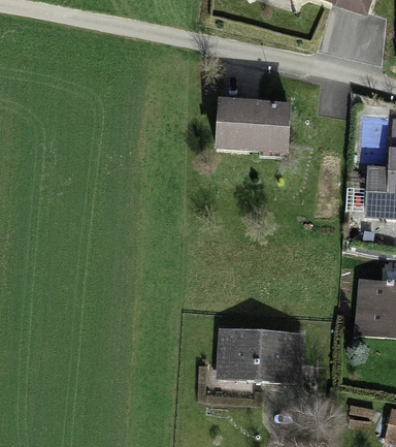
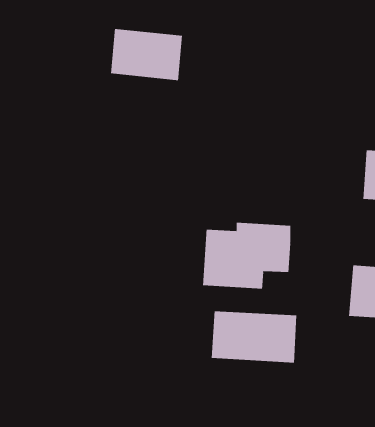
building: [217,102,290,155] -> [110,28,183,81]
building: none -> [203,222,291,290]

